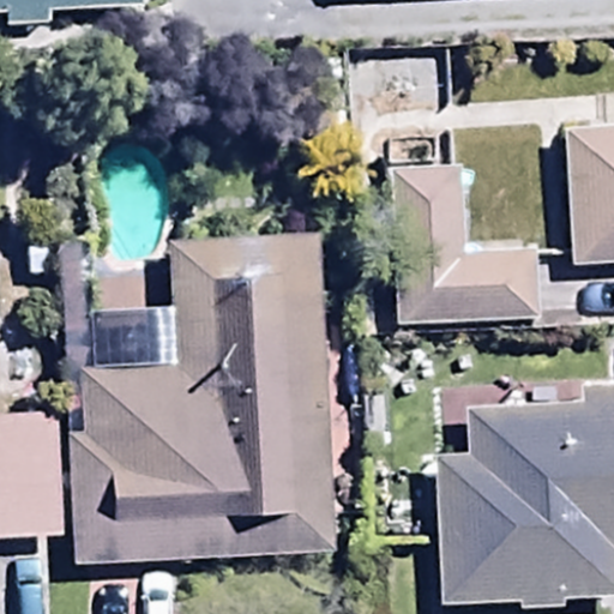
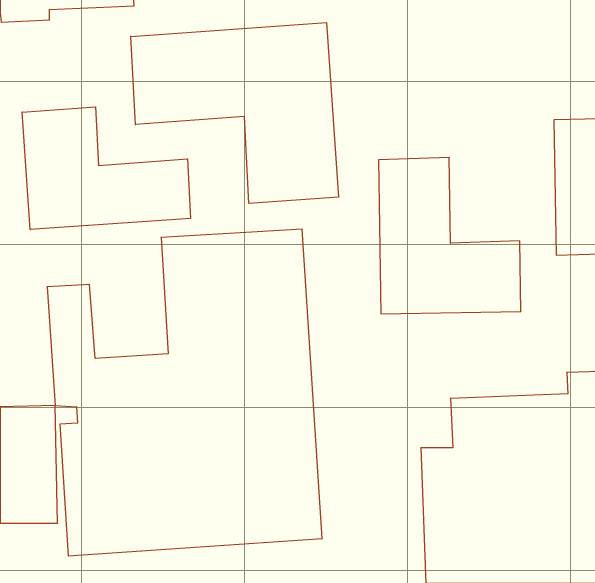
building: none -> [131,23,339,203]
building: none -> [22,107,190,230]

